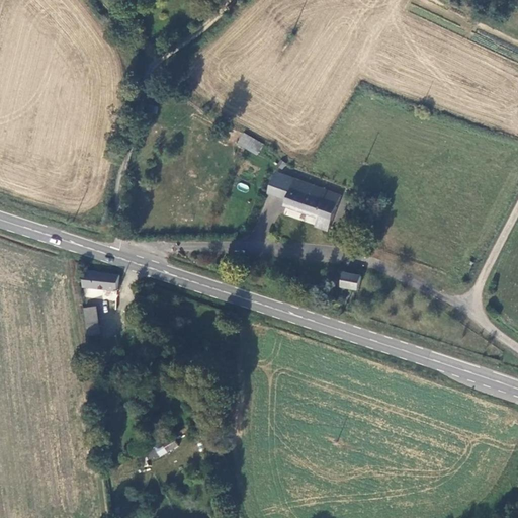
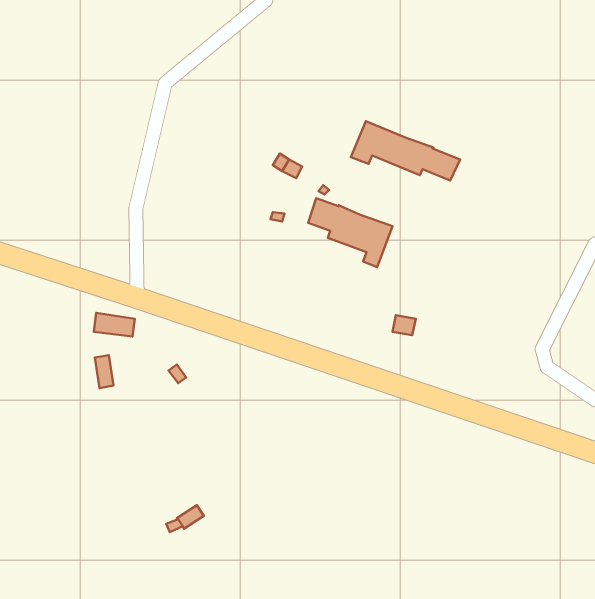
building: none -> [351,121,460,181]

